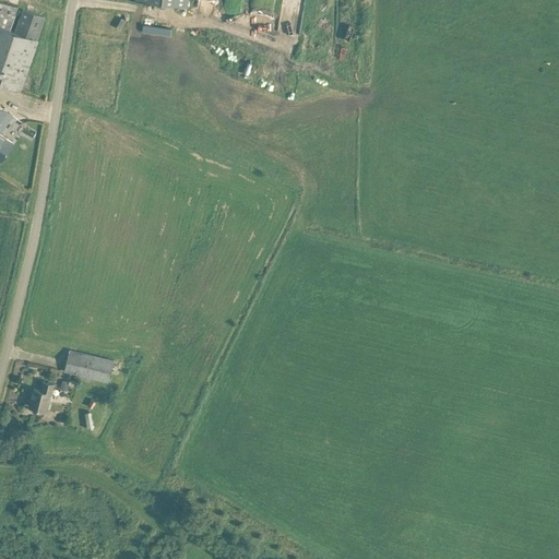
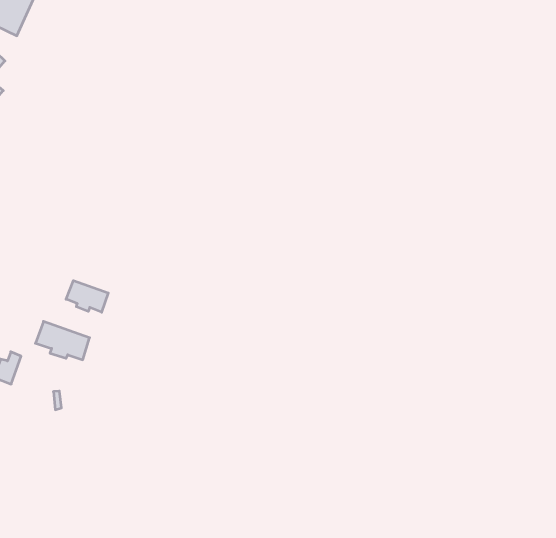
building: none -> [66,281,108,312]

